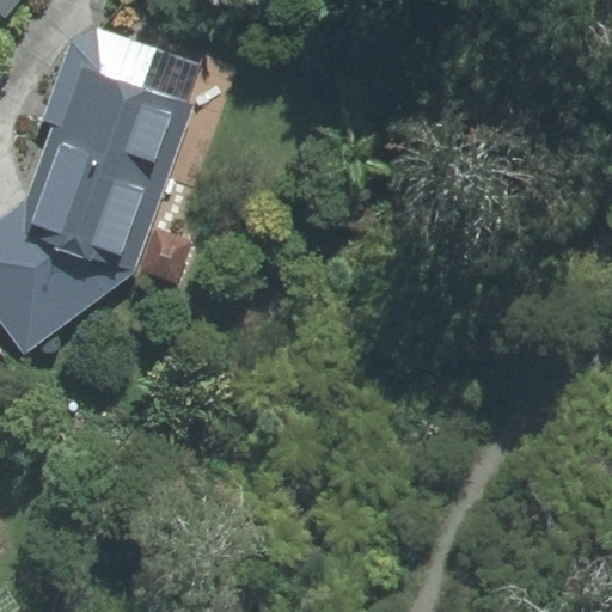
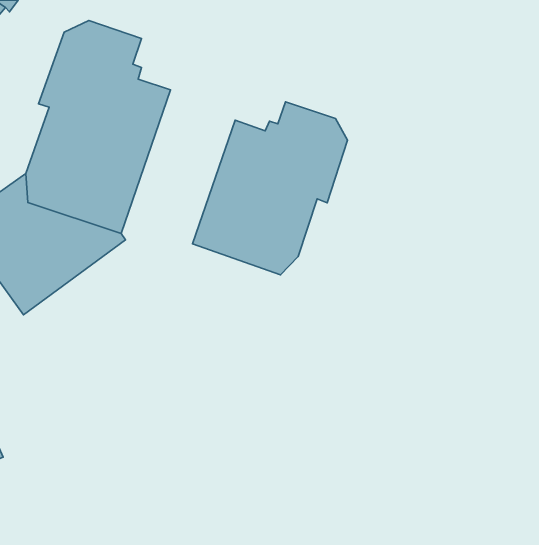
building: none -> [193,102,348,275]

